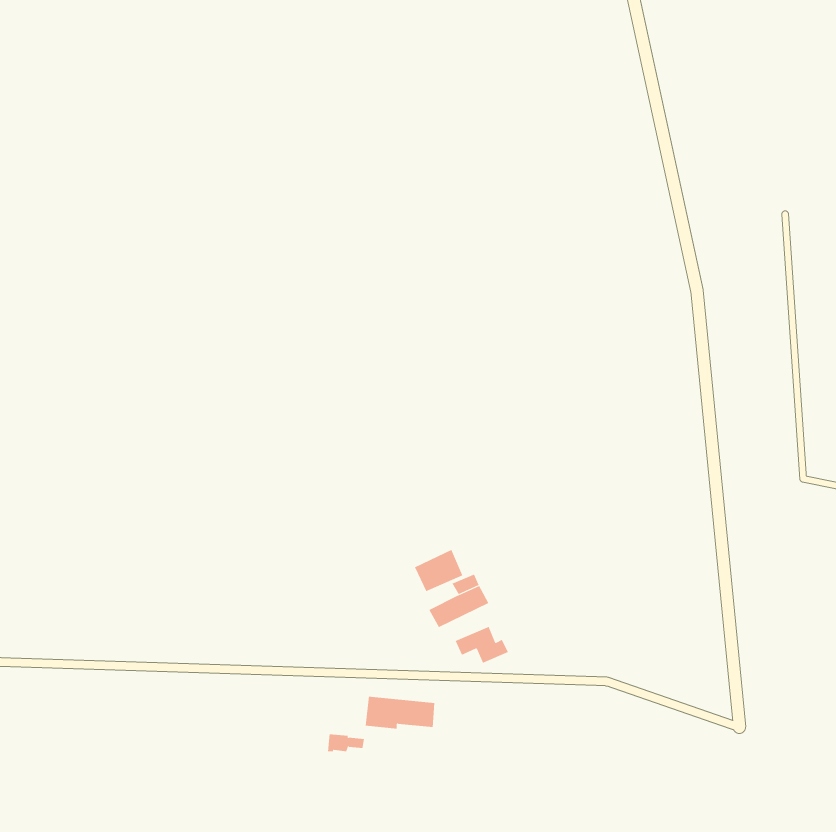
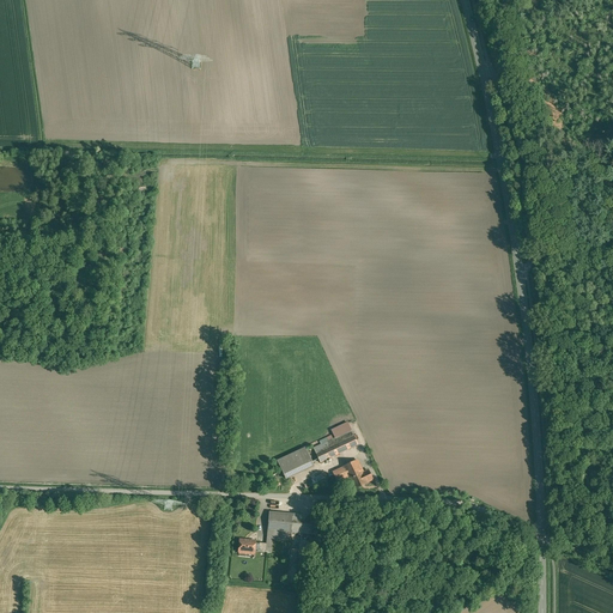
building: [414,549,463,592] -> [278,445,314,477]

